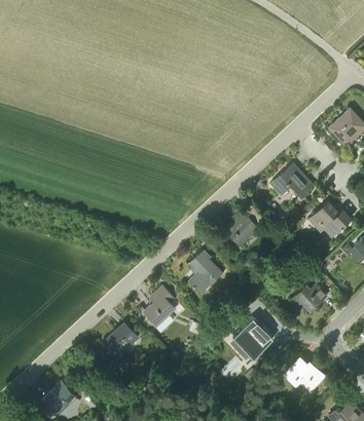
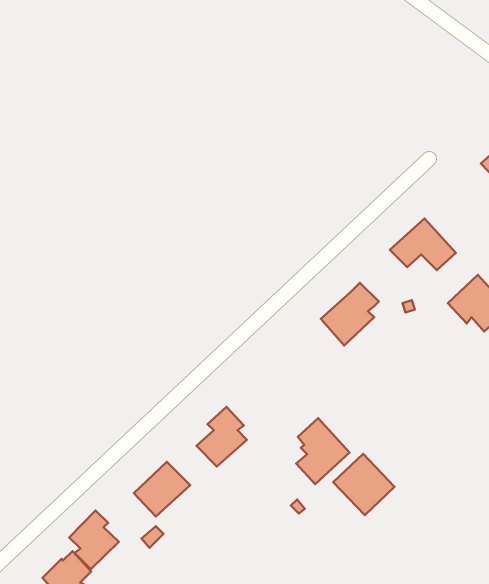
building: [187,251,222,294] -> [296,418,350,484]
building: [289,282,327,311] -> none
building: none -> [69,511,119,569]
building: [283,357,324,391] -> none

